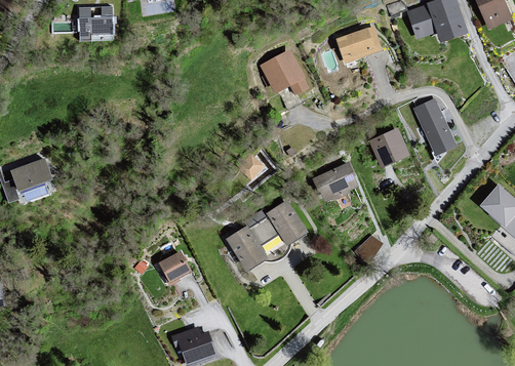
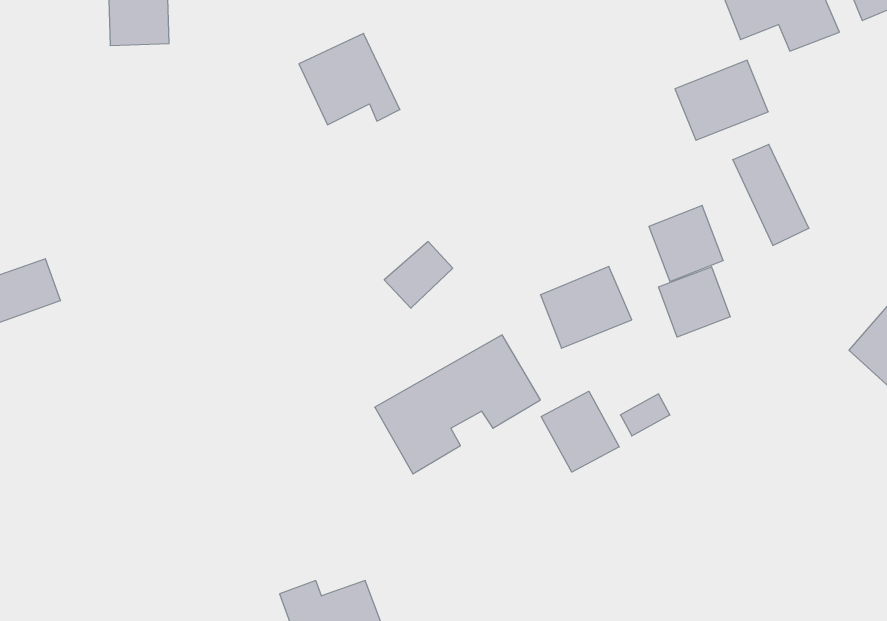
building: [335,25,386,68] -> [675,60,768,140]
building: [255,48,310,97] -> [299,33,400,125]
building: none -> [658,267,730,337]
building: none -> [541,391,619,472]
building: [161,254,193,288] -> none

